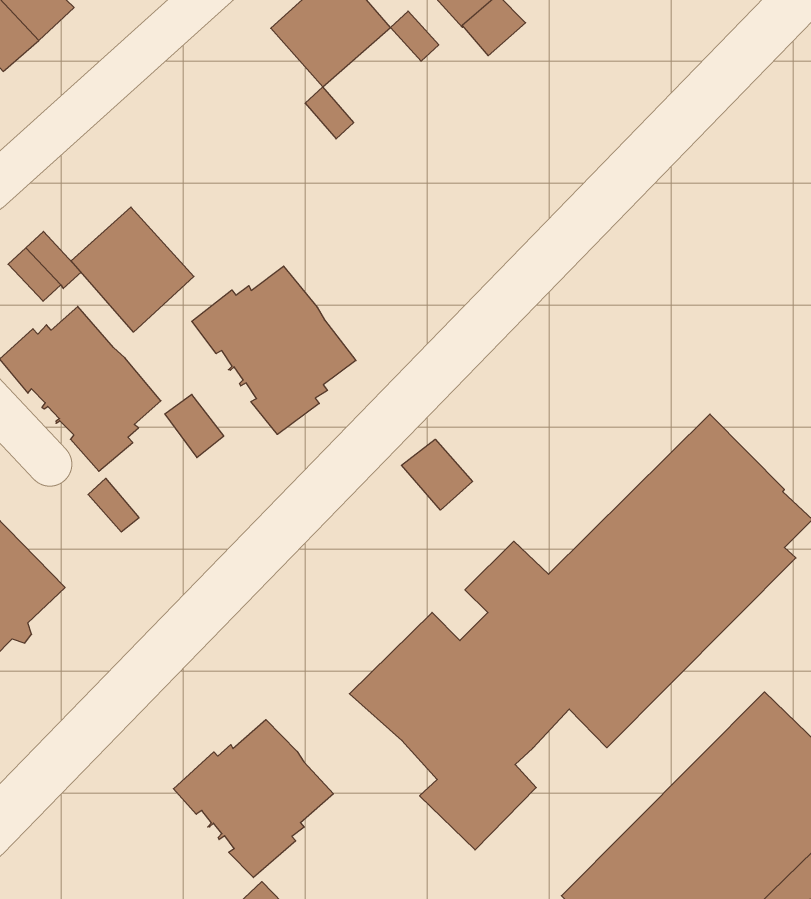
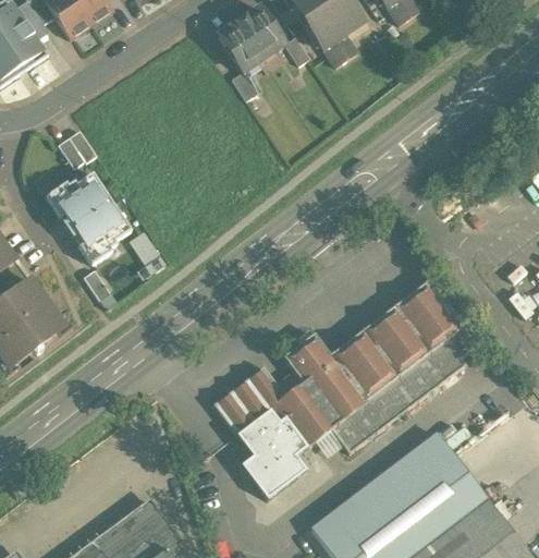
building: [71,207,194,332] -> none
building: [192,266,356,434] -> none
building: [401,439,473,510] -> none
building: [173,720,333,878] -> none

